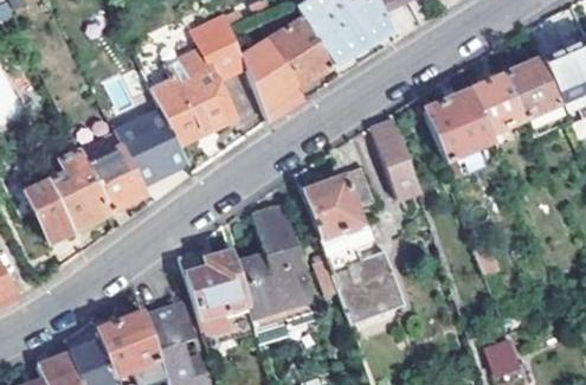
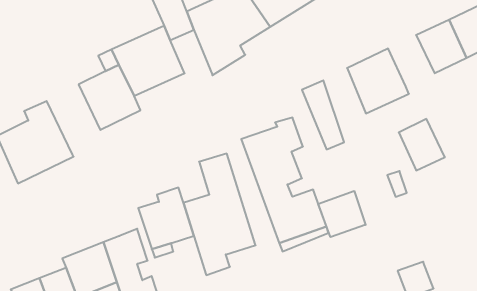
building: [472,73,526,133] -> [399,119,445,170]
building: [79,130,146,211] -> none
building: none -> [318,191,366,237]

